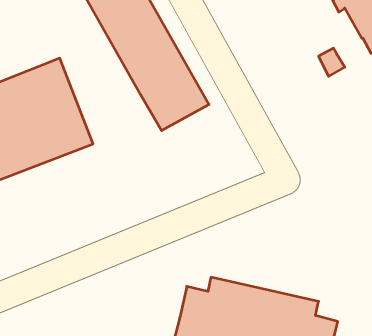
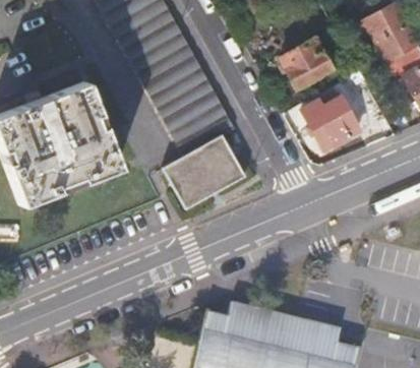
building: none -> [280,38,332,87]
building: none -> [301,93,359,148]
building: none -> [162,127,245,209]

